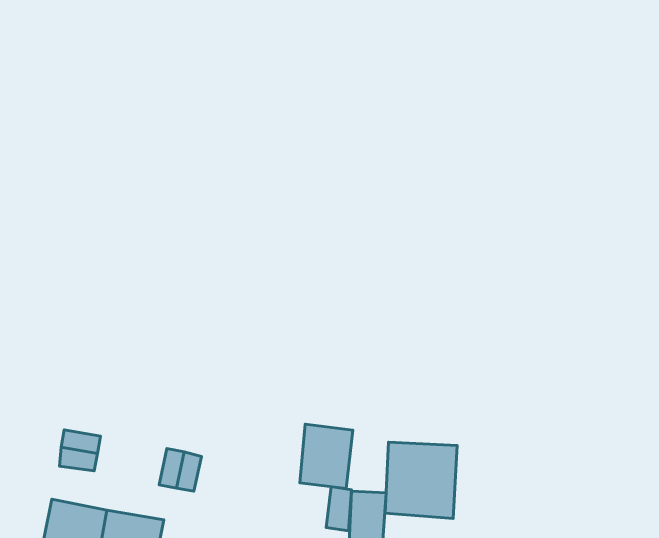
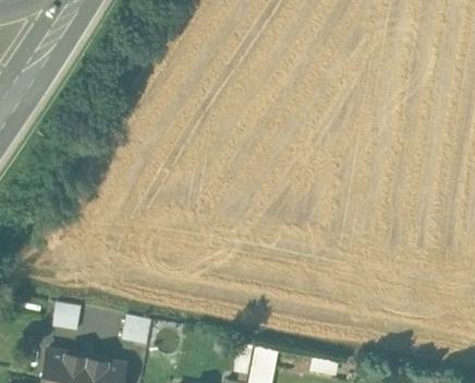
building: [300,424,353,488] -> none
building: [385,442,457,518] -> none

